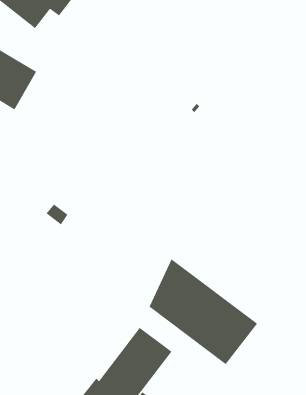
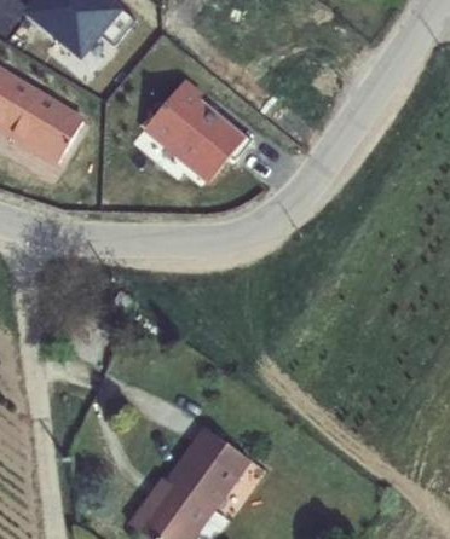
building: none -> [137,76,246,180]
building: [149,258,258,365] -> none

